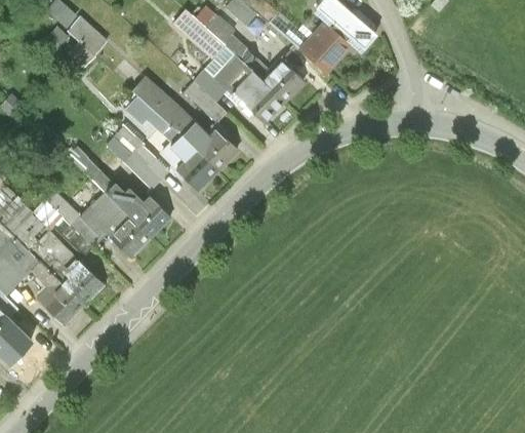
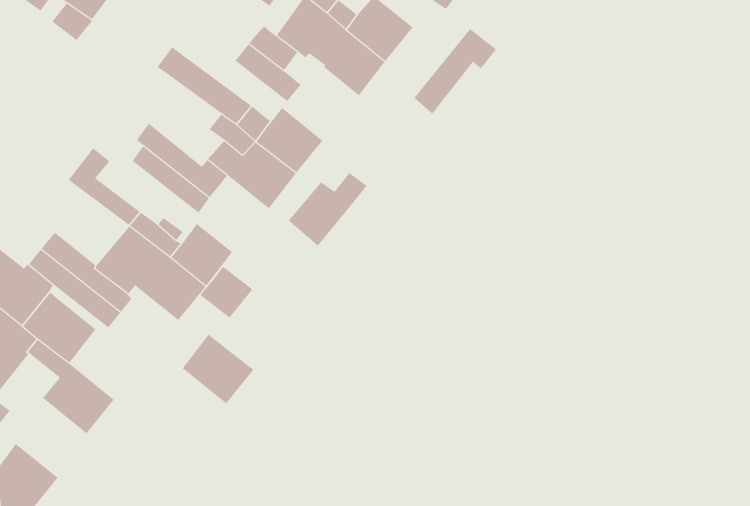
building: none -> [414,28,497,114]
building: [127,95,171,133] -> none
building: none -> [288,172,368,247]
building: none -> [199,266,253,318]
building: [55,257,103,304] -> [182,334,254,404]

